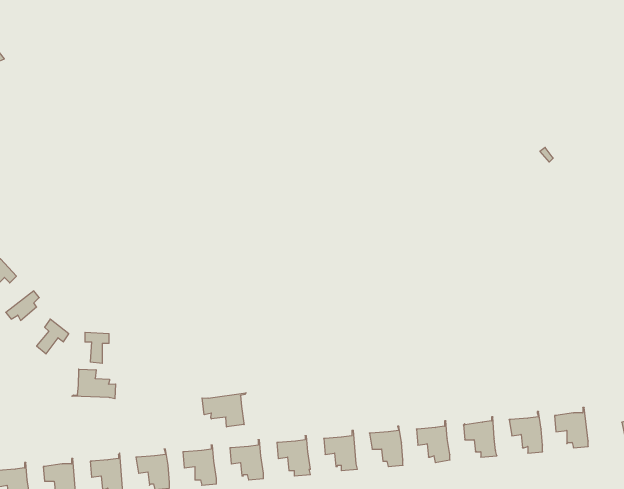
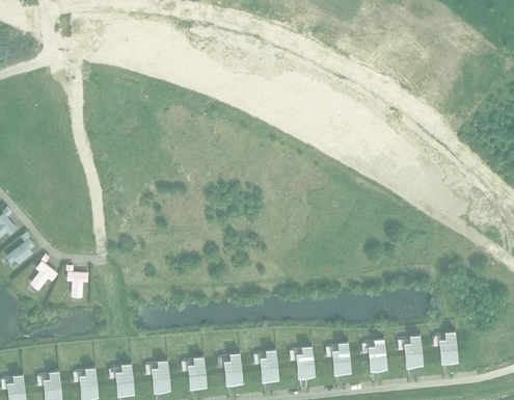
building: [72,369,115,399] -> none
building: [202,393,246,427] -> none

